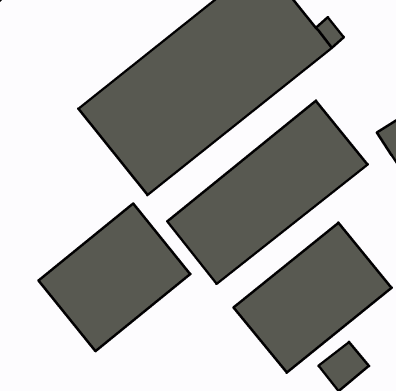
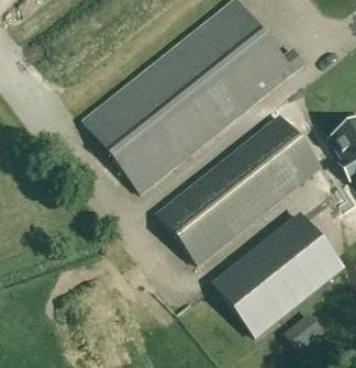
building: [39,204,190,351] -> none

